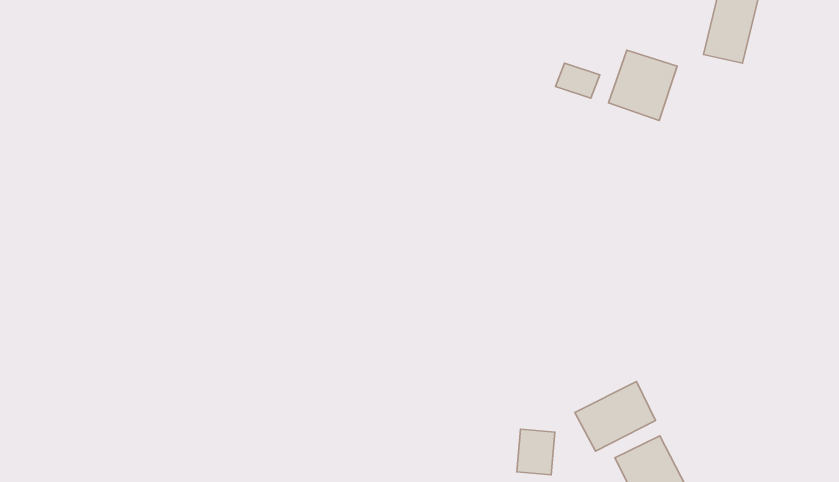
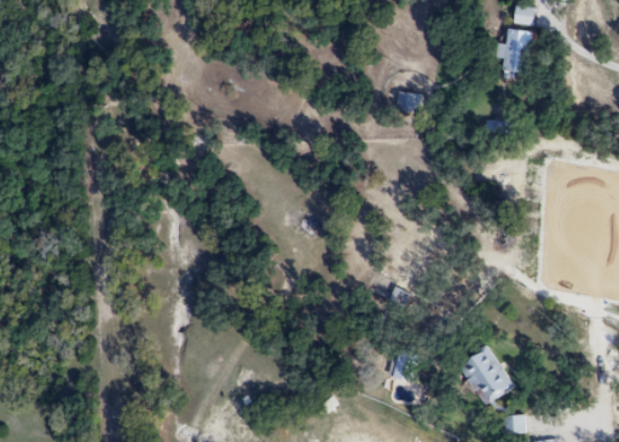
building: [608,50,677,121] -> none
building: [575,381,656,451] -> none

